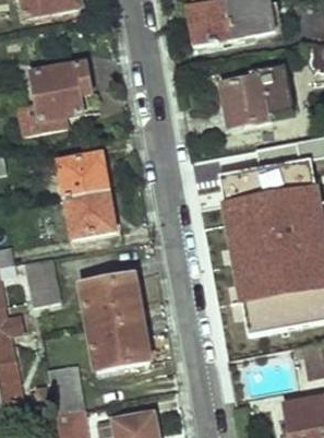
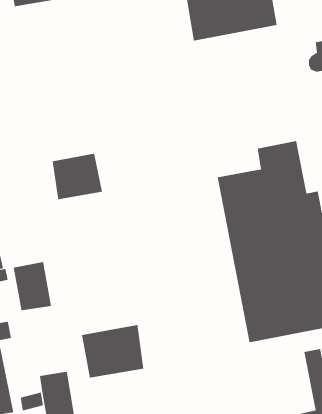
building: [33,63,94,120] -> none
building: [225,69,290,128] -> none
building: [65,190,115,235] -> none
building: [81,273,143,327] -> none

